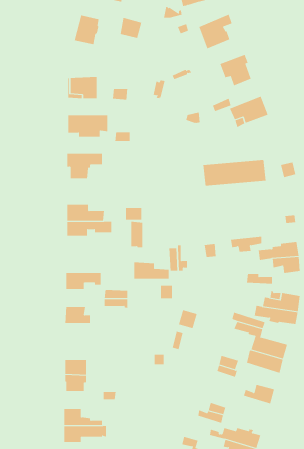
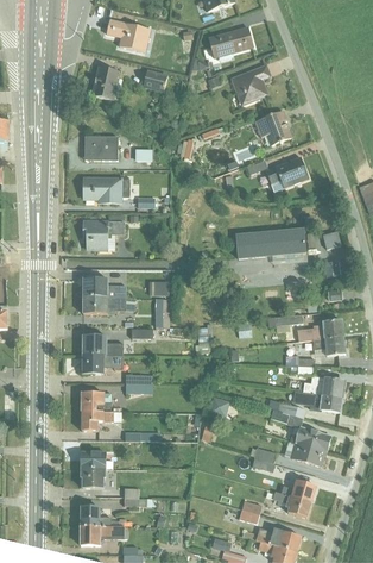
building: [133,262,170,279] -> [82,334,122,354]
building: none -> [81,411,121,430]
building: none -> [272,490,311,517]

